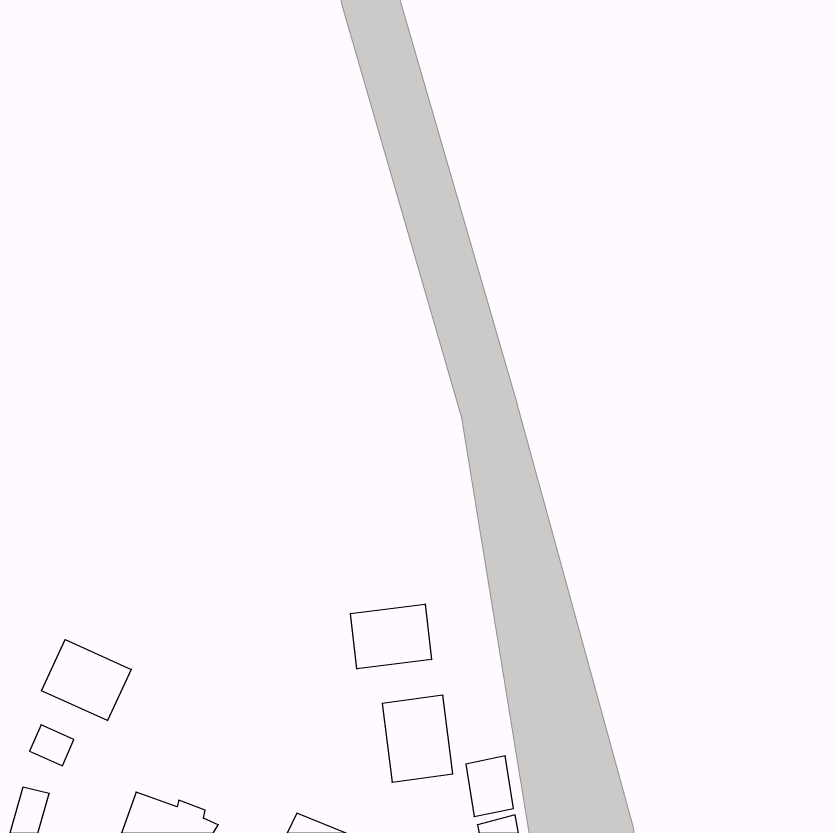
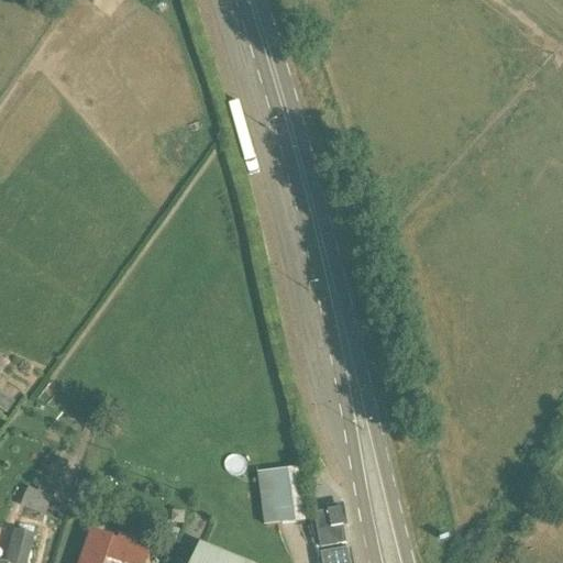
building: [350,604,432,669] -> none
building: [41,640,131,721] -> none

